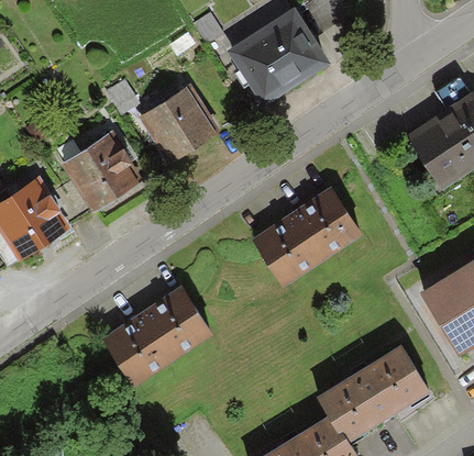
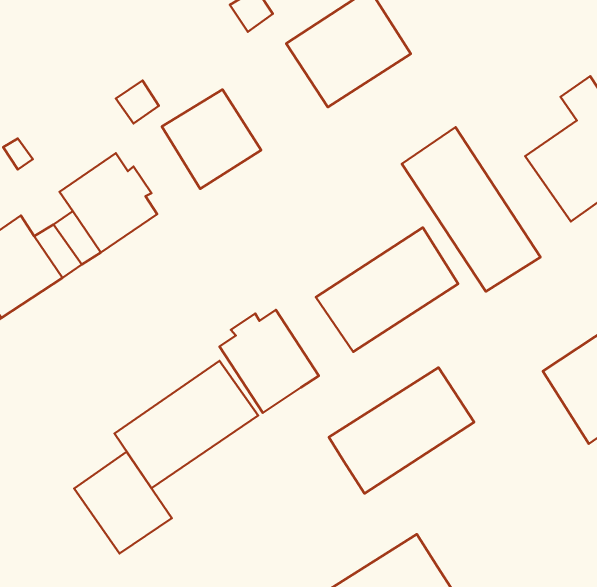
building: none -> [402,127,540,291]
building: none -> [220,310,319,413]
building: [318,347,426,441] -> [329,367,474,493]
building: none -> [74,452,172,554]

